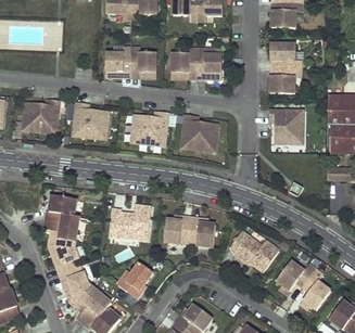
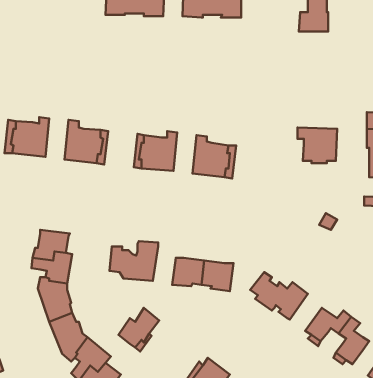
building: [269,43,294,93] -> none
building: [105,52,155,78] -> none
building: [170,53,220,79] -> none

